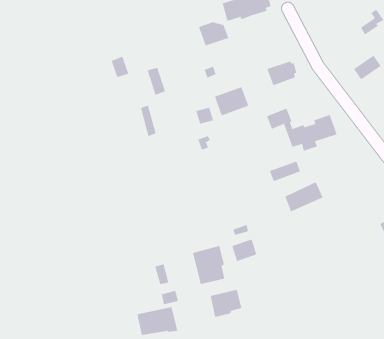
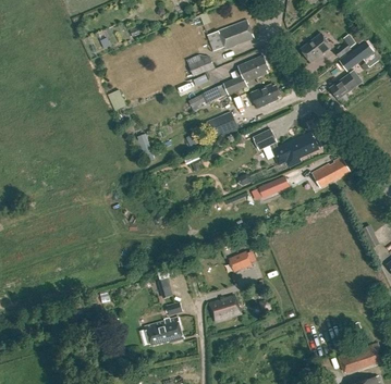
building: none -> [300,33,331,63]
building: none -> [222,57,268,96]
building: [284,182,323,212] -> [313,158,349,187]
building: [193,245,225,285] -> none

